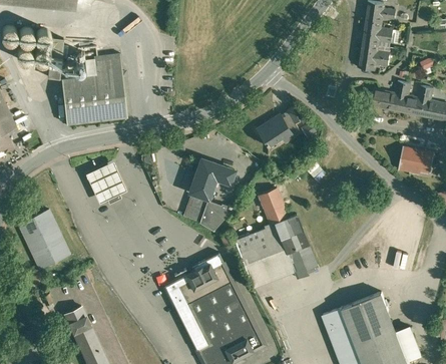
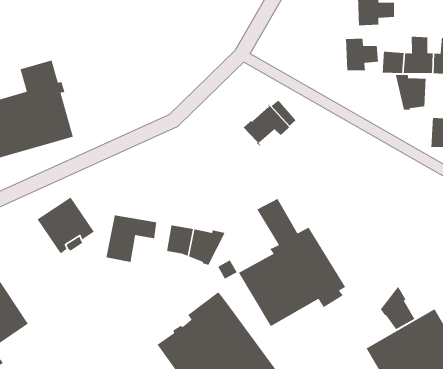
building: none -> [345,38,379,71]
building: none -> [395,74,426,110]
building: [188,159,233,199] -> [106,215,157,263]
building: none -> [380,286,415,330]

